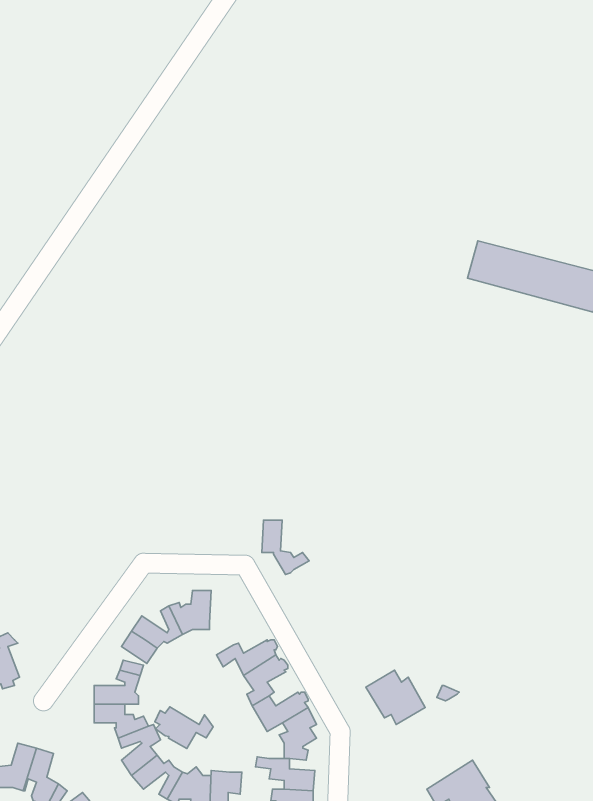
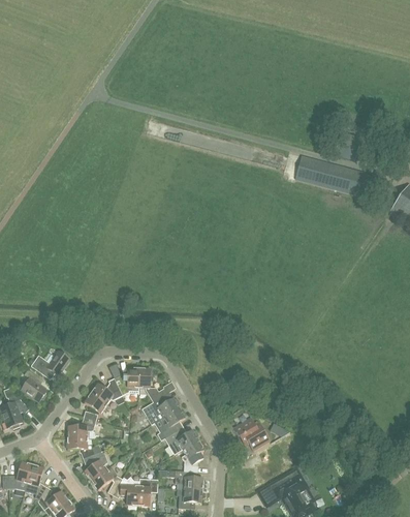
building: [262,520,309,574] -> [137,368,166,401]
building: none -> [30,351,68,375]
building: none -> [20,368,46,401]
building: [155,707,213,748] -> none

